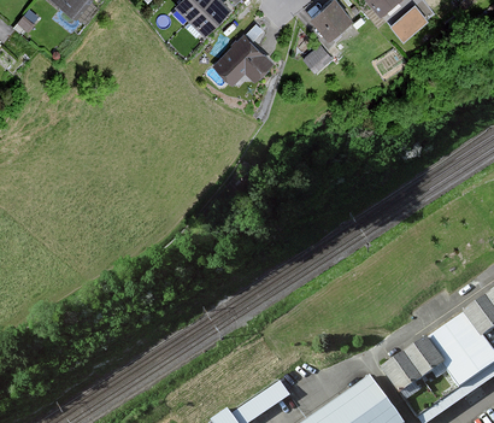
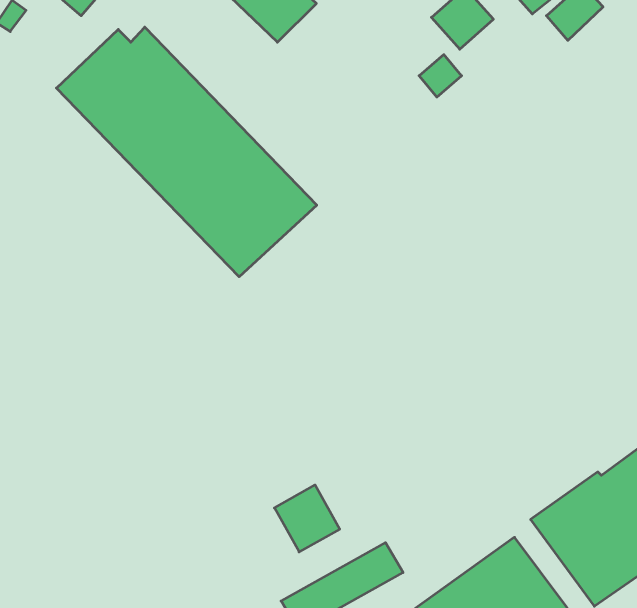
building: none -> [56,27,317,277]
building: [212,33,277,86] -> none
building: none -> [274,485,340,552]

